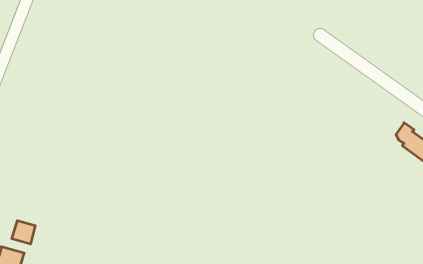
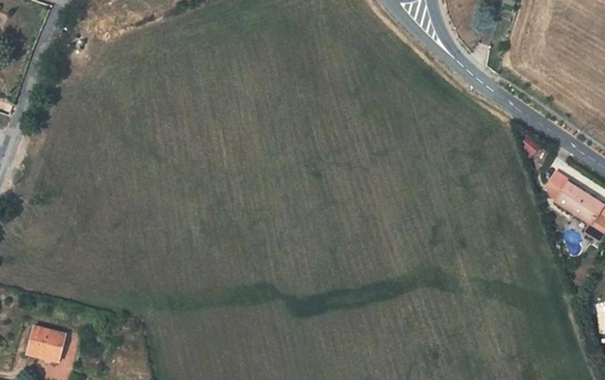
building: [12,221,35,244] -> none

